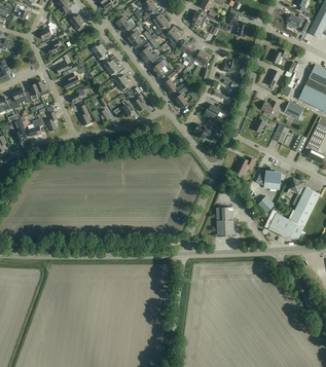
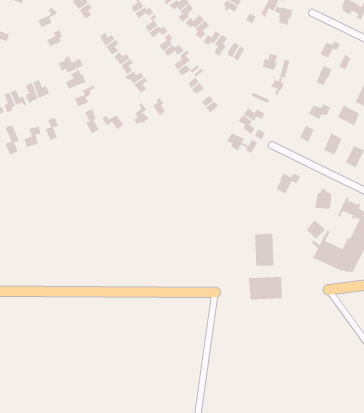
building: none -> [248,276,282,300]

